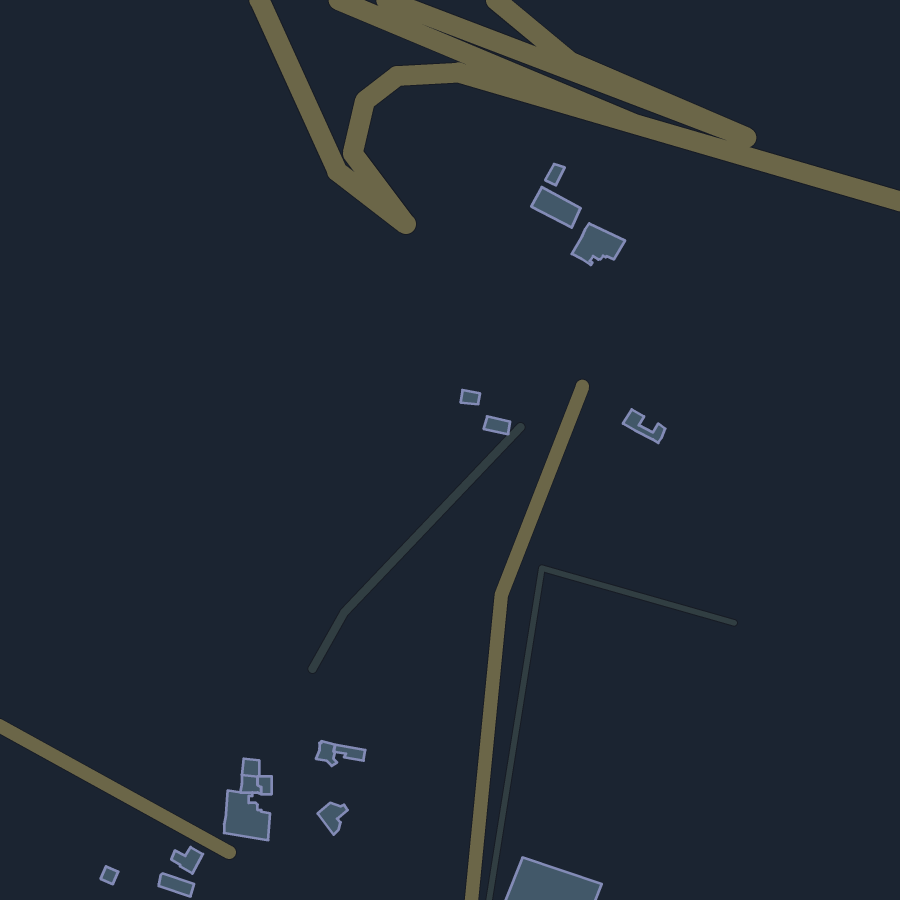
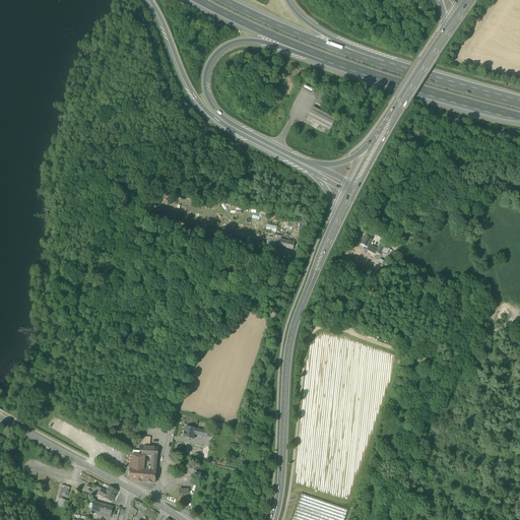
building: [572,223,625,265] -> none

